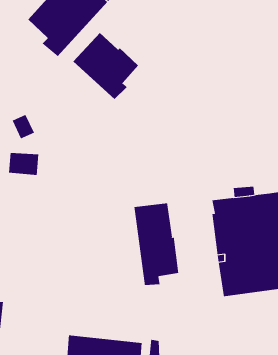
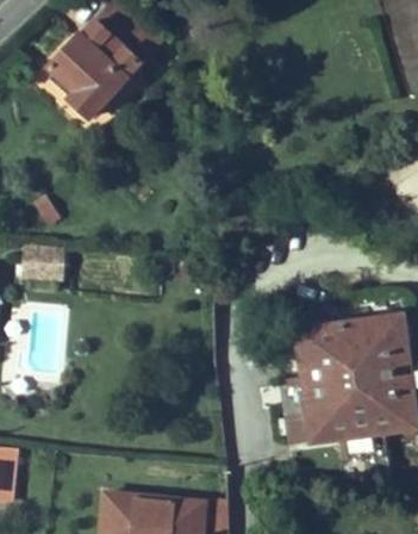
building: [72,32,139,100] -> none
building: [134,203,179,286] -> none

